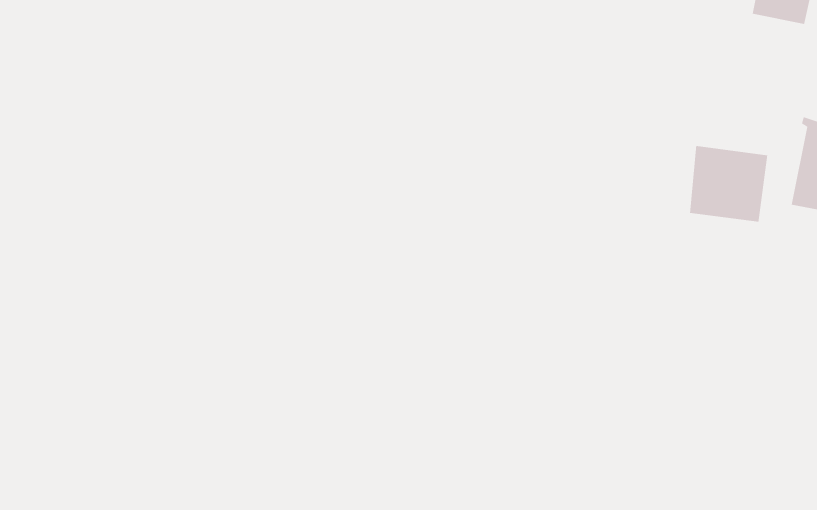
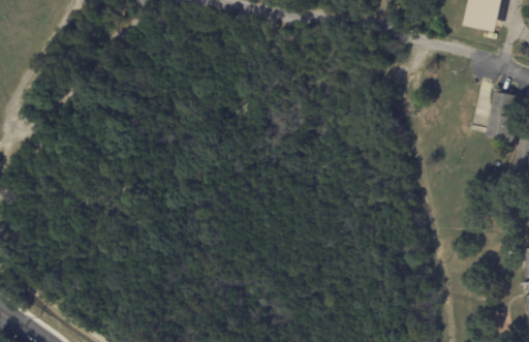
building: [689,145,768,223] -> none

